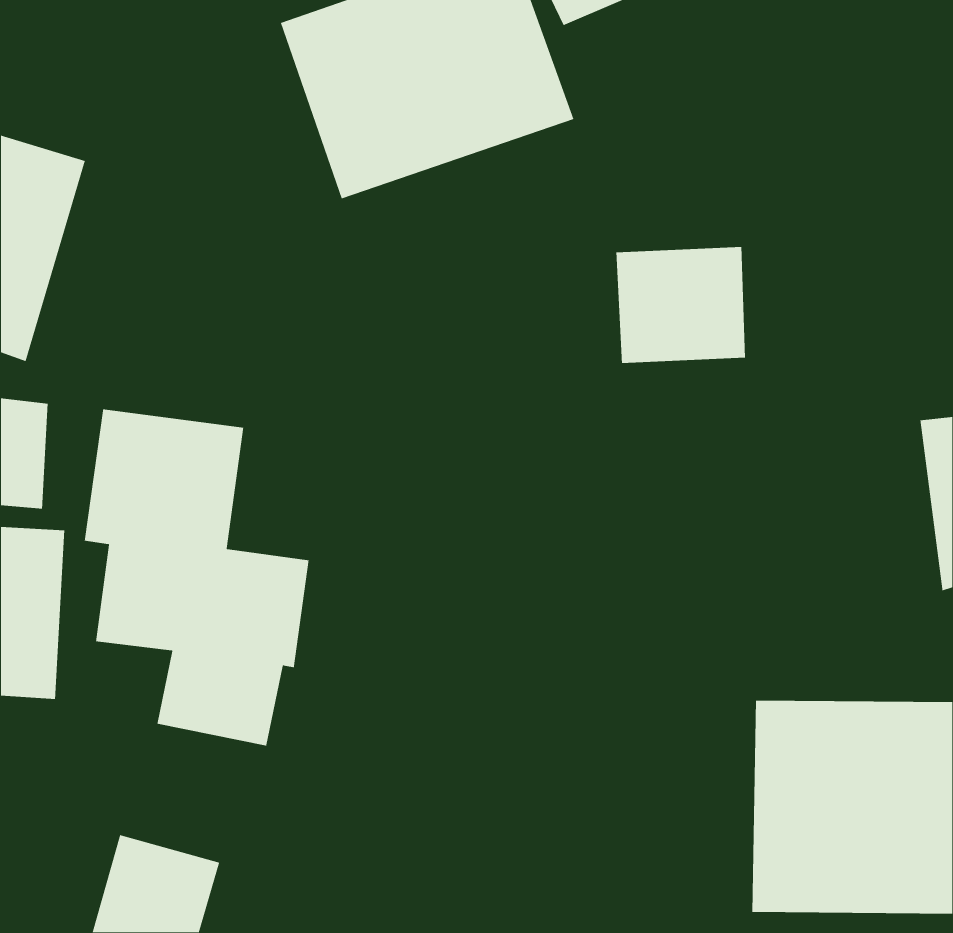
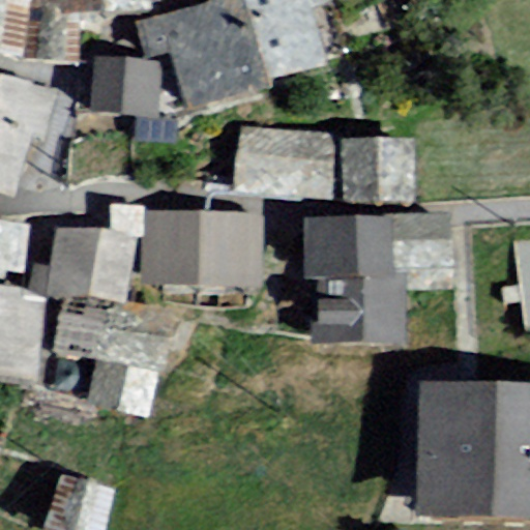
building: none -> [87,59,166,122]
building: none -> [235,125,331,196]
building: none -> [145,207,259,286]
building: none -> [303,214,452,342]

